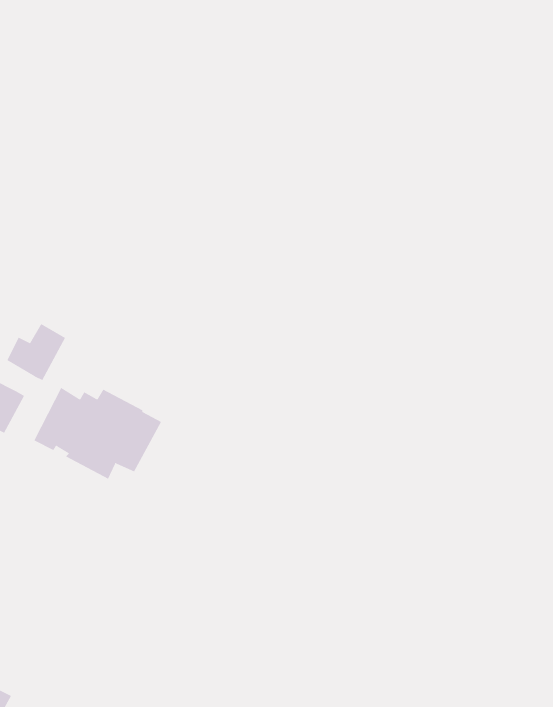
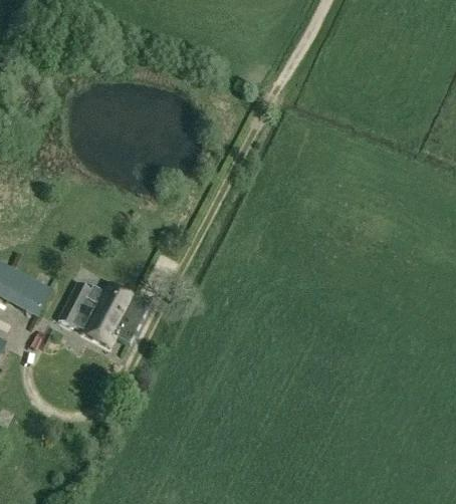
building: [6,323,66,381] -> none

